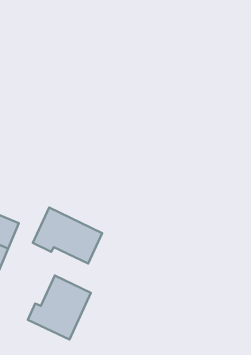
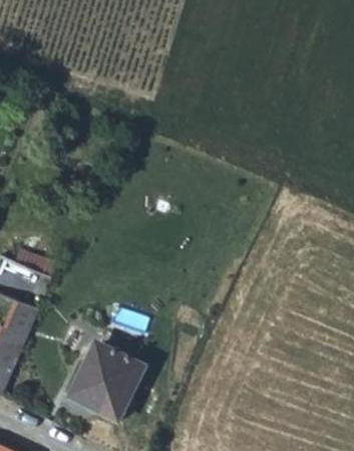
building: [33,208,102,264] -> none

